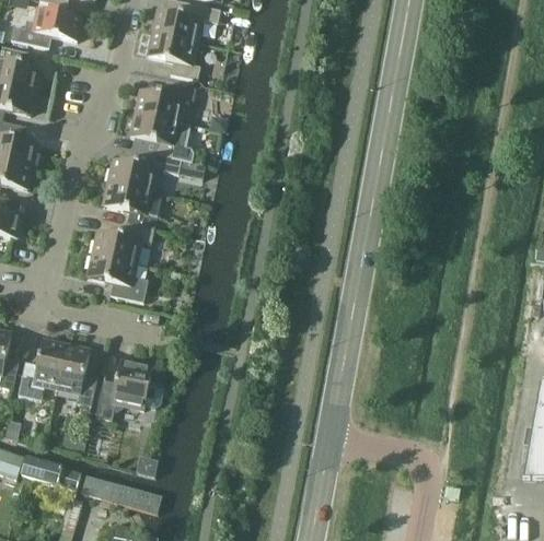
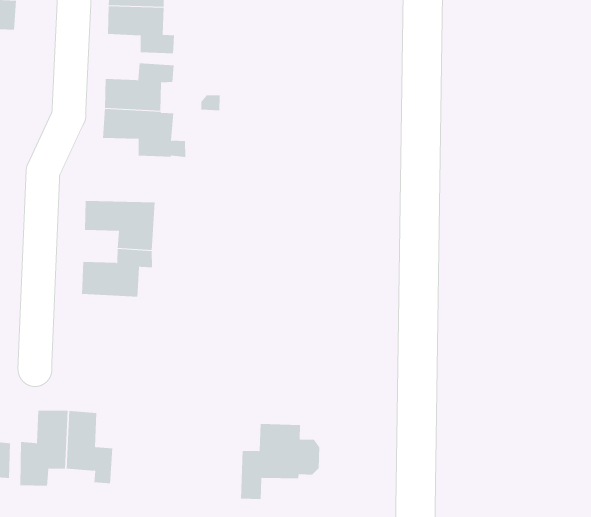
building: [108,153,182,192] -> none
building: [89,252,149,299] -> none
building: [96,358,165,417] -> [240,424,320,499]

